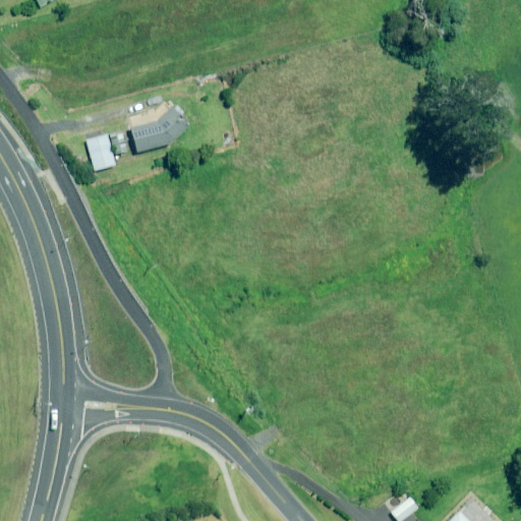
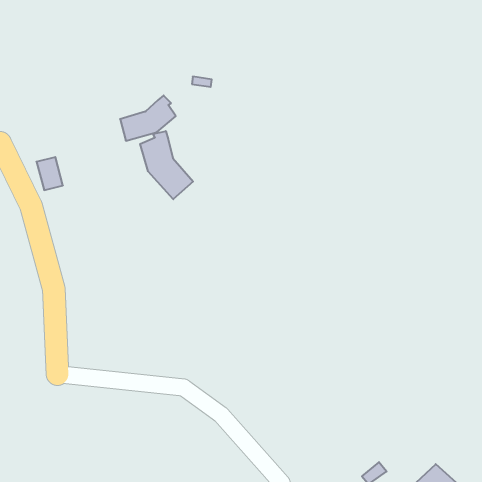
building: [86,135,115,171] -> [36,157,63,190]
building: none -> [140,131,193,199]

